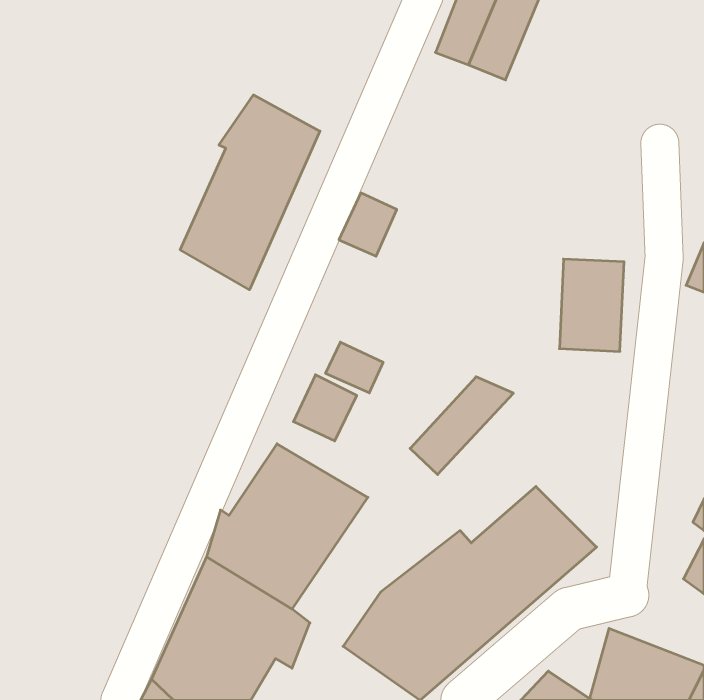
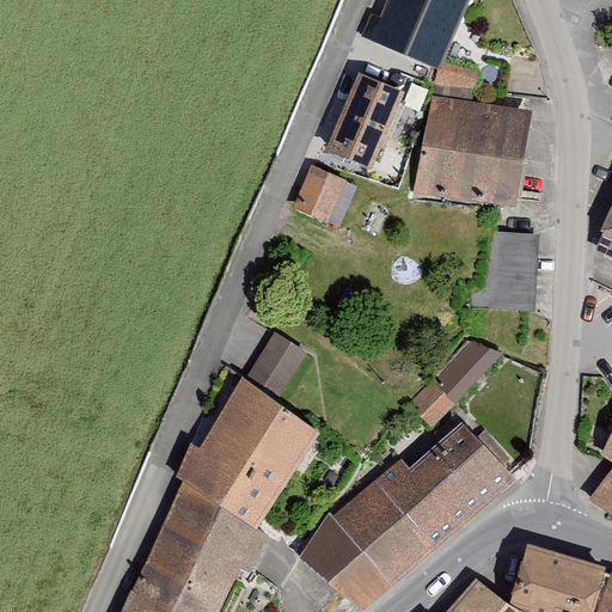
building: none -> [326,76,404,172]
building: [180,95,320,290] -> none
building: none -> [414,93,537,209]
building: [326,342,383,393] -> none
building: [410,377,513,475] -> [410,339,500,424]

